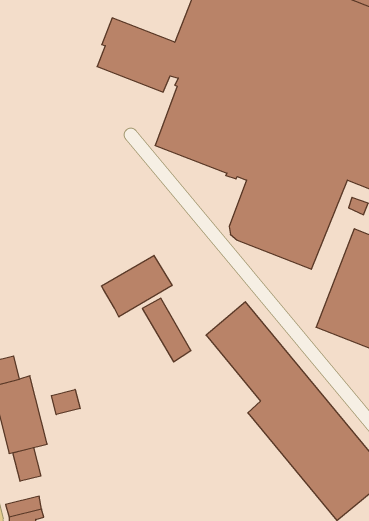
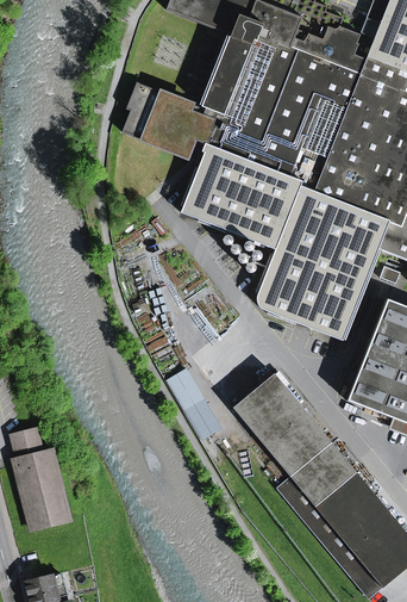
building: [101,255,172,317] -> none
building: [51,389,80,415] -> none
building: [13,448,41,481] -> none

